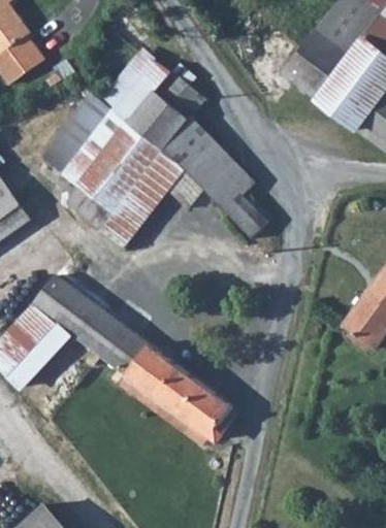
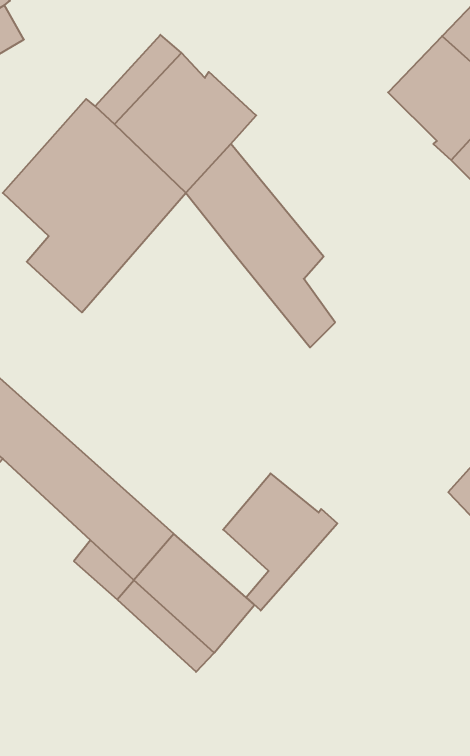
building: [104,147,199,244] -> none
building: none -> [223,473,337,611]

